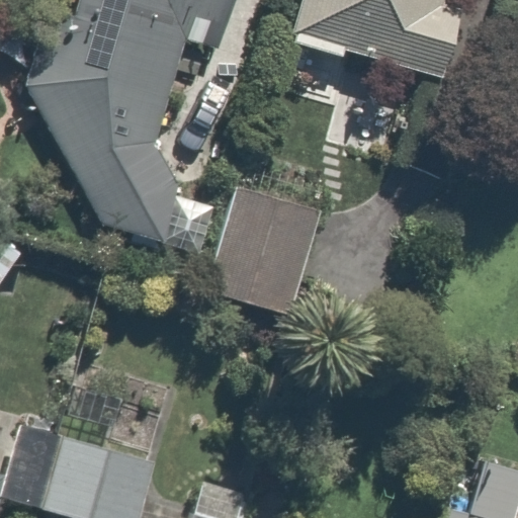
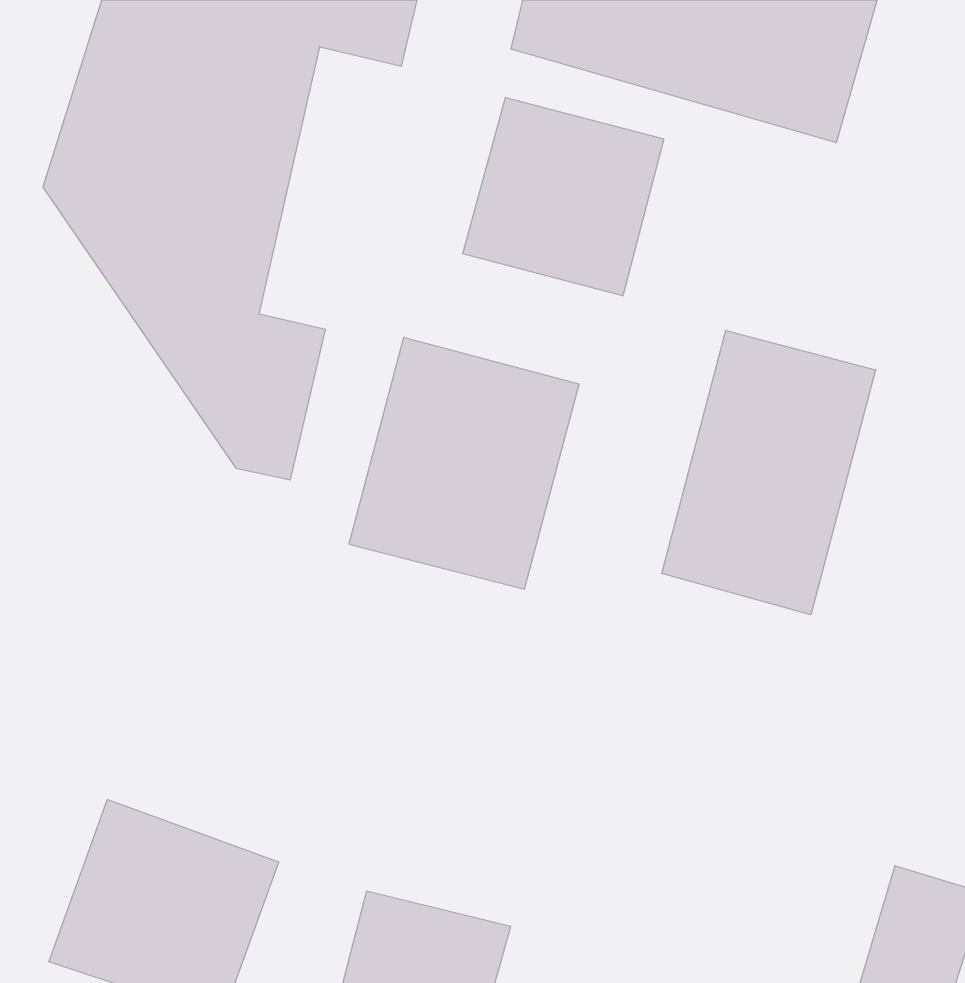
building: none -> [463,97,664,296]
building: none -> [662,331,876,615]

